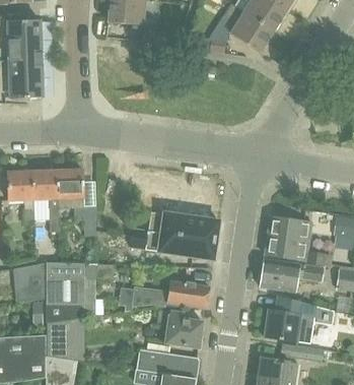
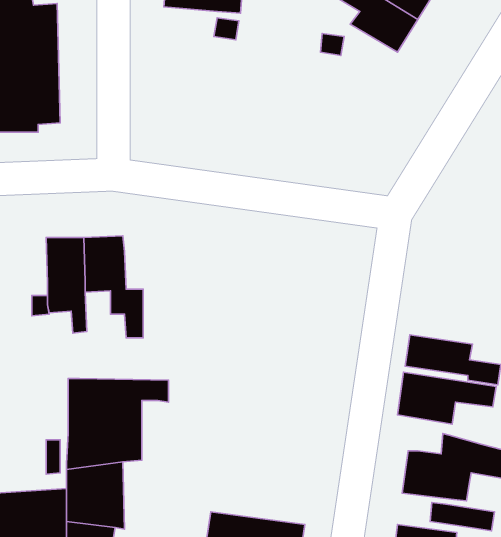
building: [7,172,33,202] -> none
building: [130,213,219,259] -> none
building: [268,215,311,241] -> none
building: [12,263,47,302] -> none
building: [130,280,210,309] -> none
building: [157,311,202,347] -> none

